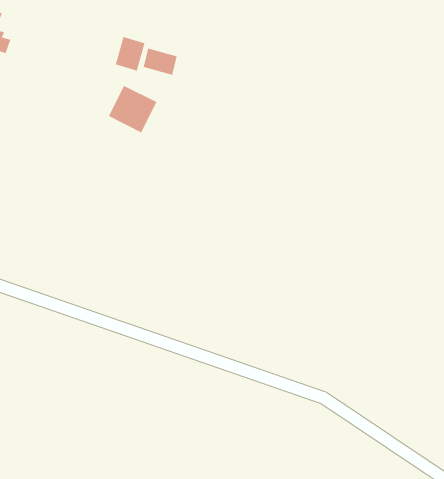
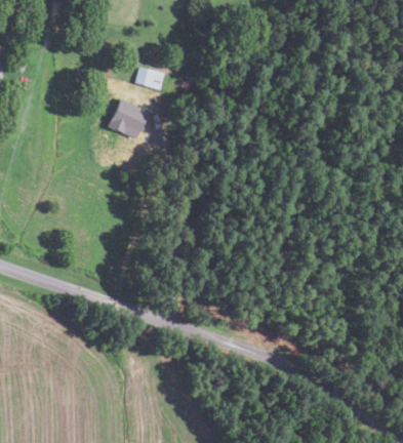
building: [115,36,145,72] -> none

